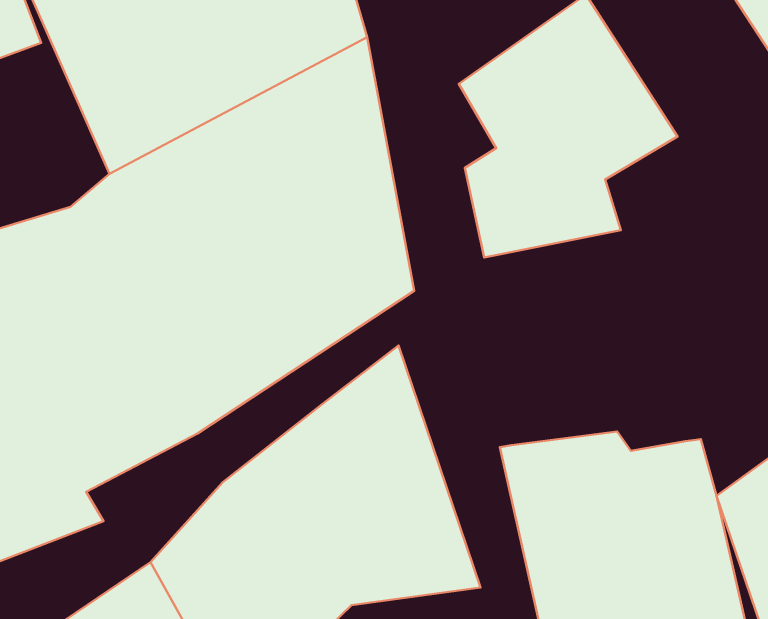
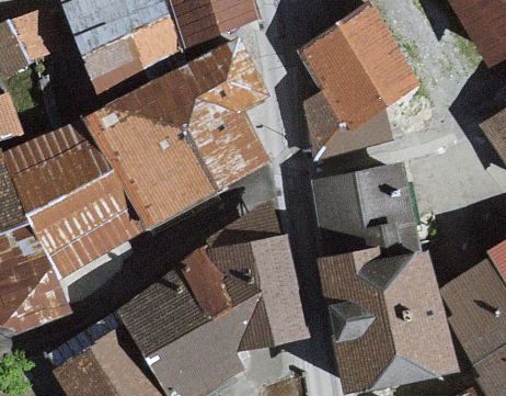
building: none -> [309,163,426,260]

